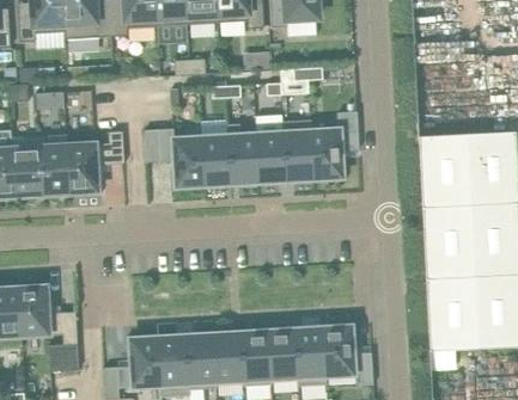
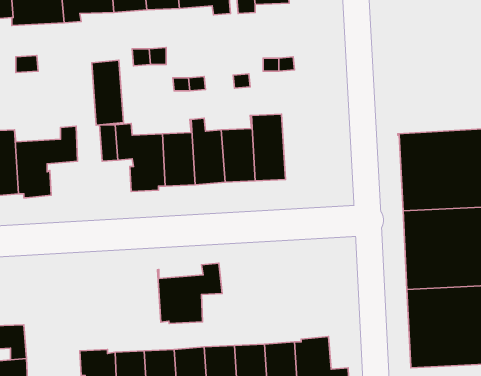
building: none -> [92,60,123,125]
building: [310,119,359,181] -> none
building: none -> [157,263,222,323]

